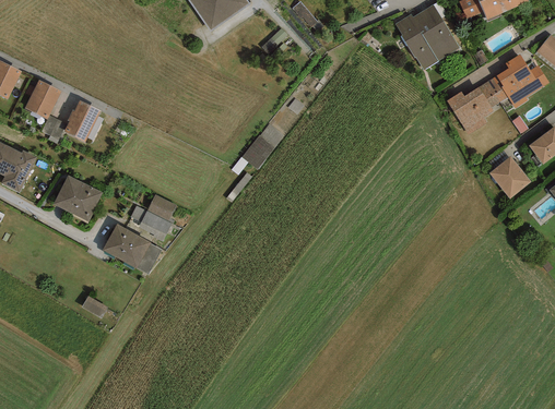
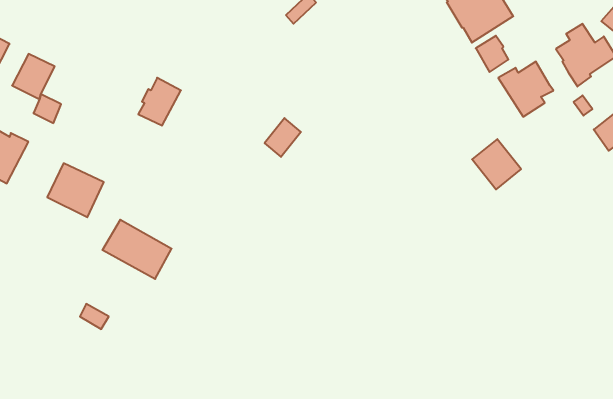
building: [479,75,507,107] -> [476,36,508,72]
building: [63,99,101,141] -> [138,78,181,126]
building: [488,155,531,199] -> [472,139,521,189]
building: [131,194,176,241] -> none

